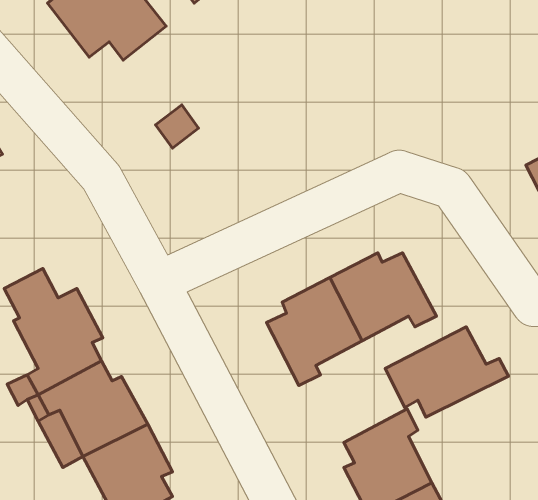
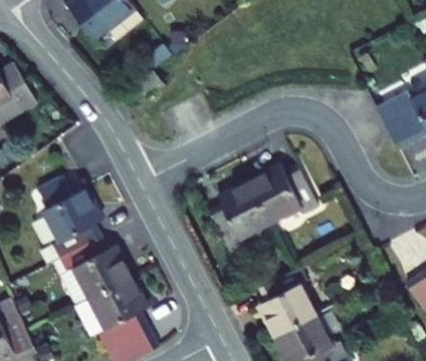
building: [385,327,508,417] -> none

